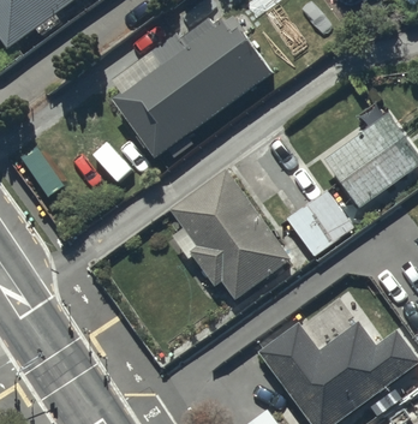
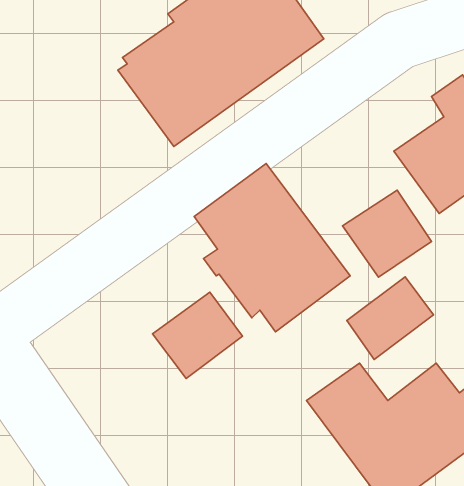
building: none -> [347,277,434,359]
building: none -> [152,292,242,378]

